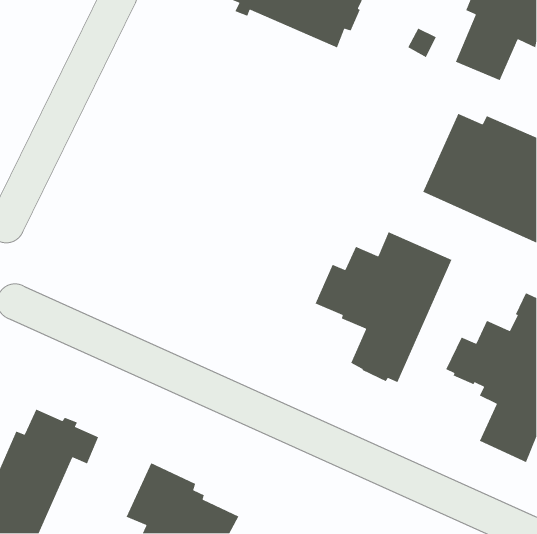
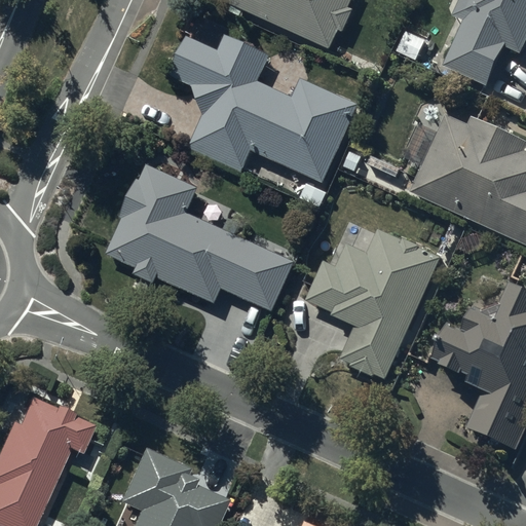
building: none -> [170,35,361,185]
building: none -> [105,167,294,312]

